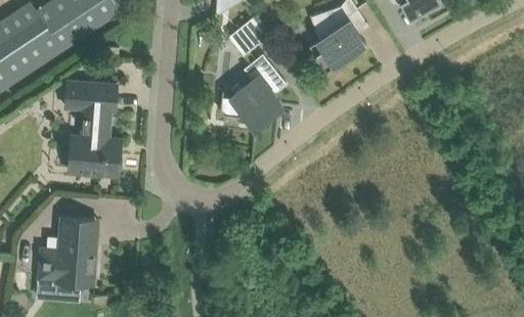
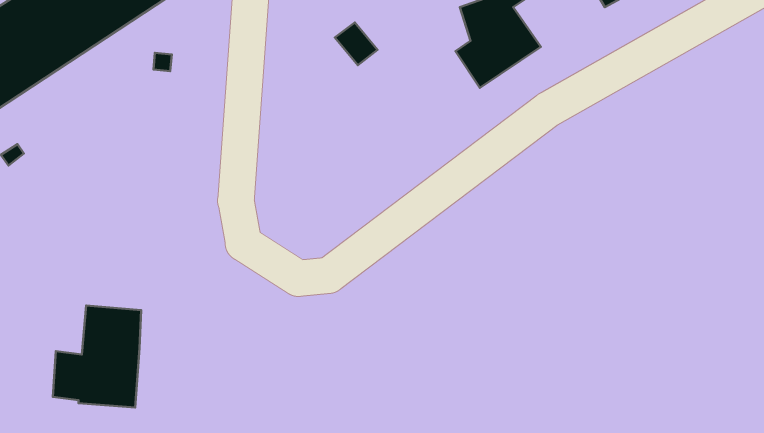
building: [220,54,288,128] -> none
building: [66,82,123,177] -> none

